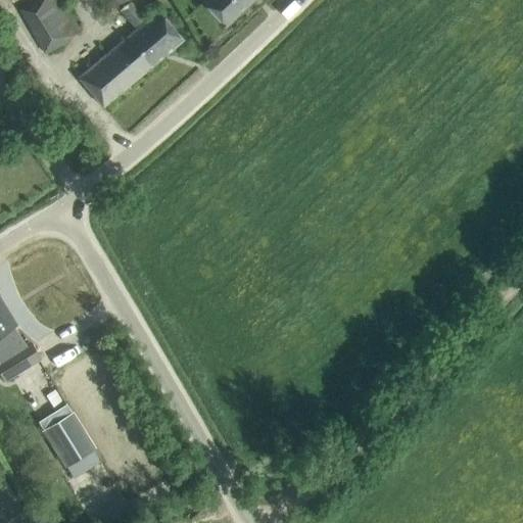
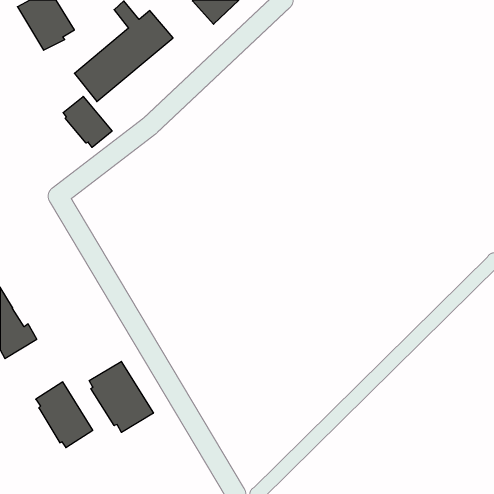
building: none -> [63,96,112,147]
building: none -> [89,361,153,432]

